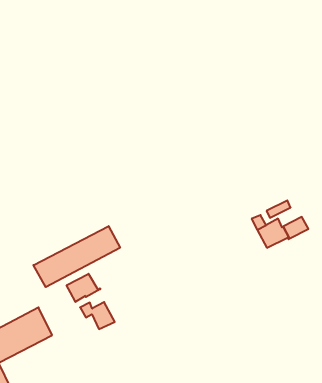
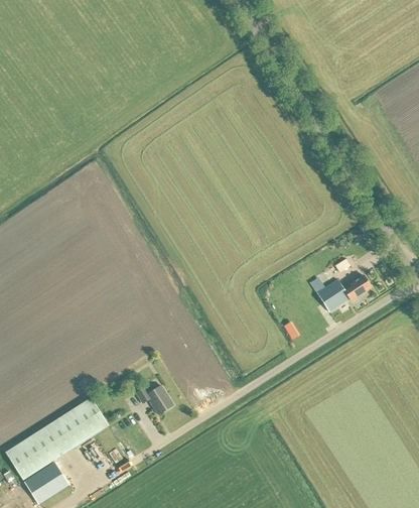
building: [33,226,120,287] -> none
building: [67,274,100,302] -> none

